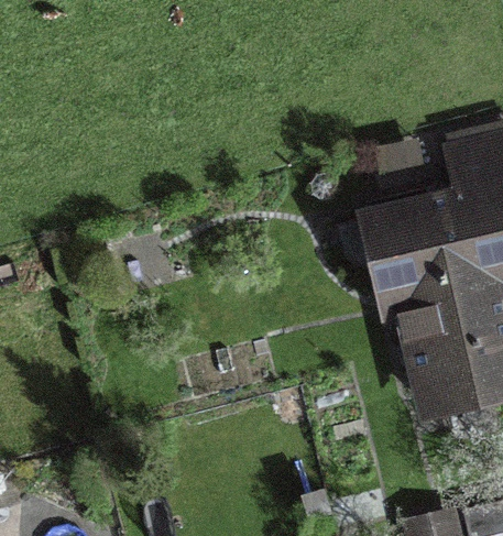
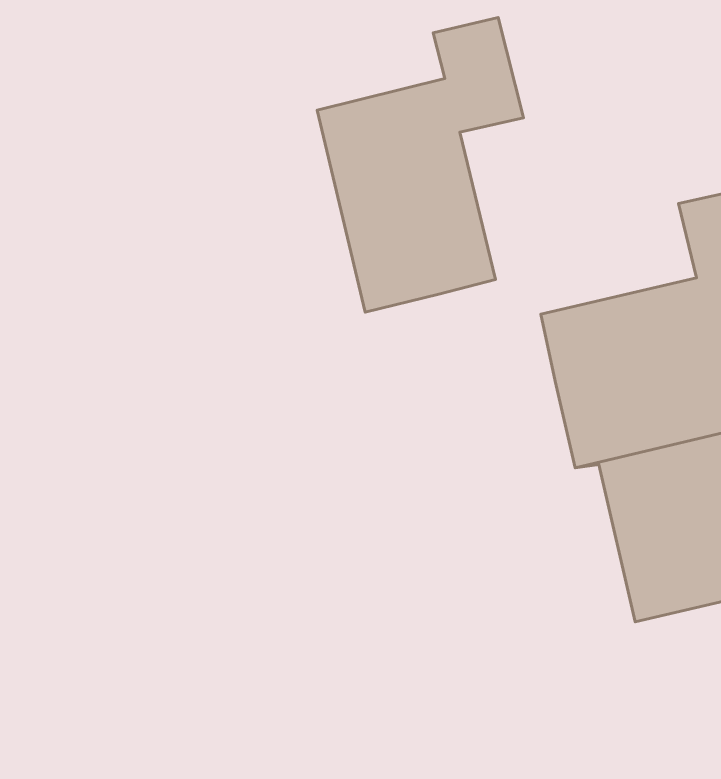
building: none -> [317,17,523,312]

